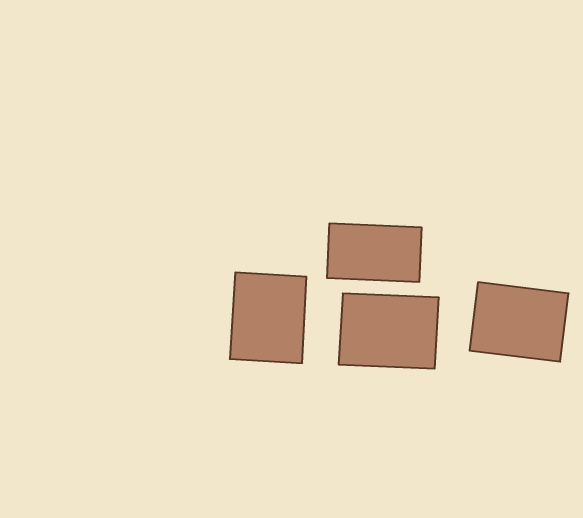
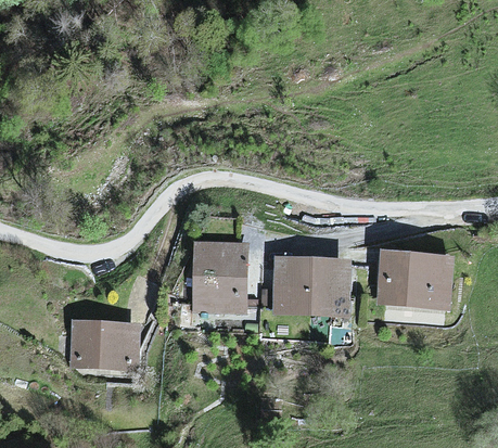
building: [327,223,421,282] -> none
building: none -> [68,319,135,367]

